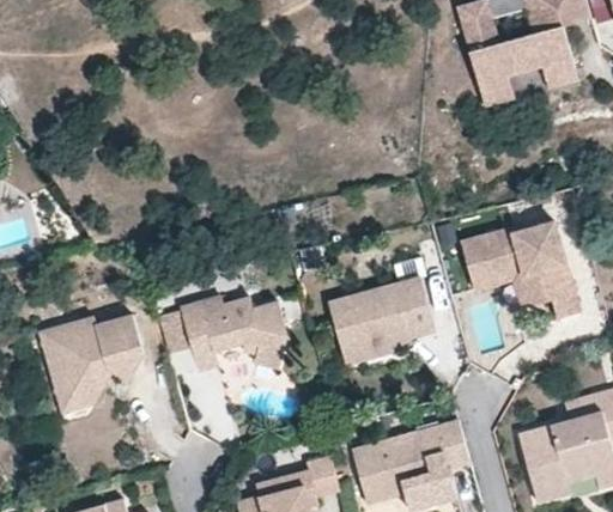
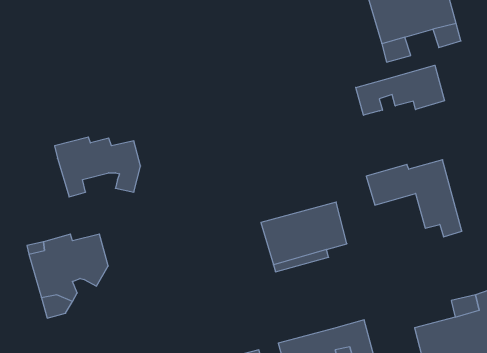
building: none -> [356,65,445,115]
building: [471,266,533,312] -> none
building: [177,294,284,368] -> [55,137,141,197]

